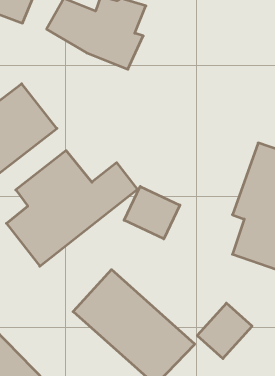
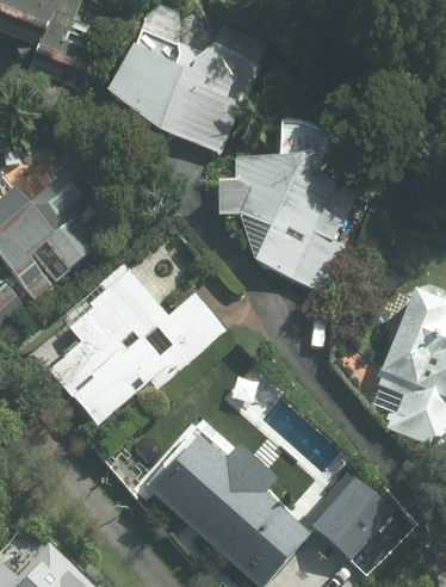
building: none -> [218,129,349,294]
building: [124,186,180,239] -> none

